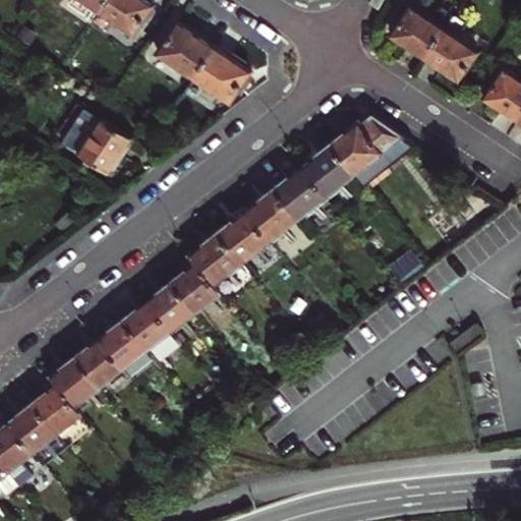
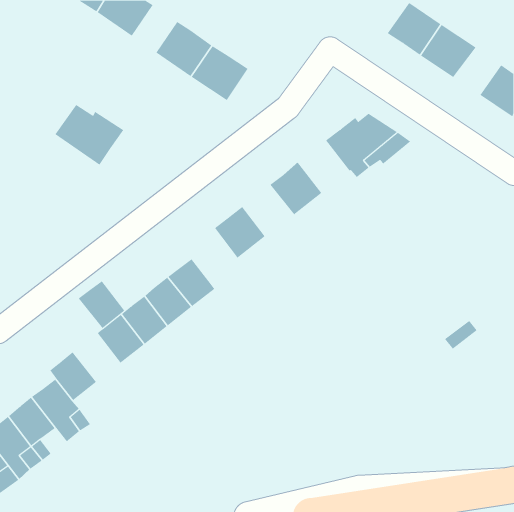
building: [300,146,352,198] -> none
building: [244,190,296,242] -> none
building: [187,234,239,287] -> none
building: [73,340,121,389] -> [78,280,125,329]

